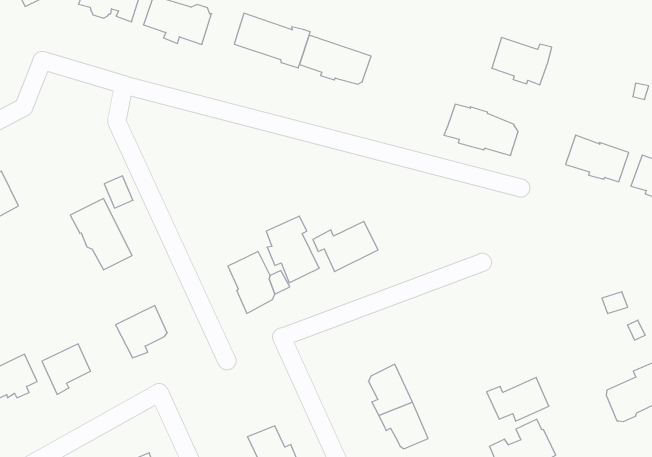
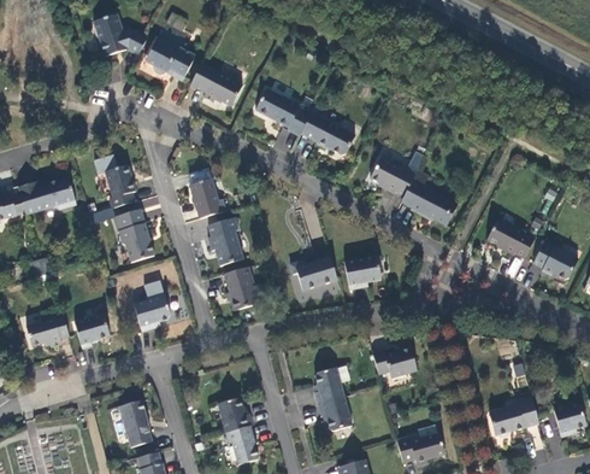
building: [492,37,552,85] -> [370,156,417,195]
building: none -> [105,163,135,206]
building: none -> [189,177,225,217]
building: none -> [343,254,382,288]
building: [266,216,319,283] -> [207,216,243,264]
building: [487,377,549,421] -> [372,346,417,376]

